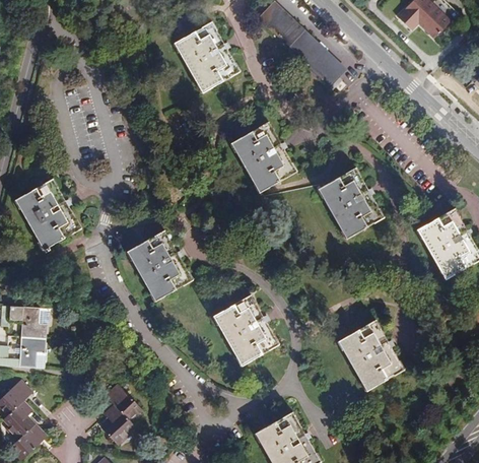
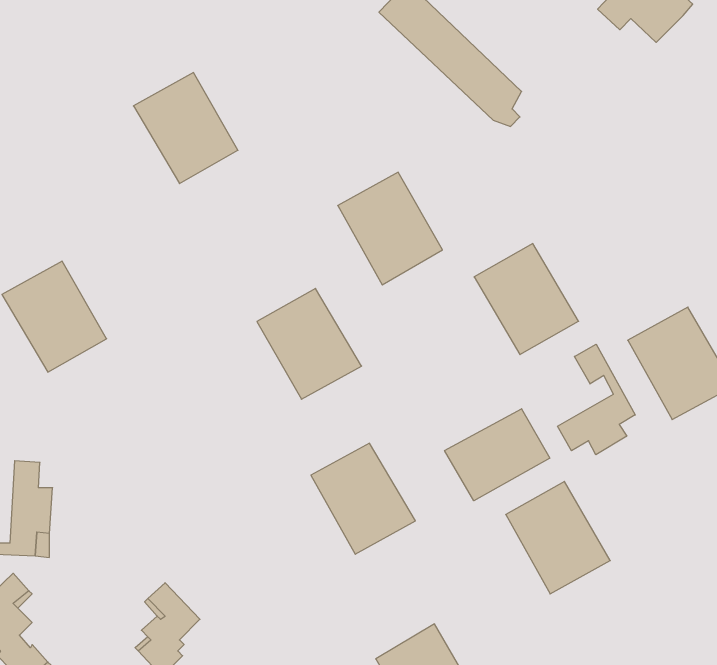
building: [173,22,240,93] -> [133,73,238,184]
building: [126,230,193,302] -> [257,288,362,399]
building: none -> [558,344,635,455]
building: none -> [445,409,550,501]

